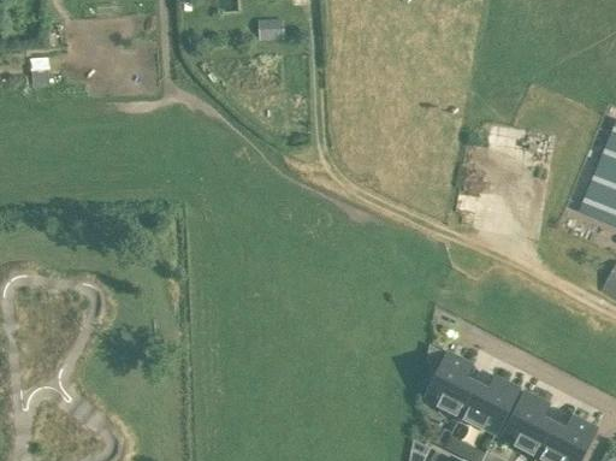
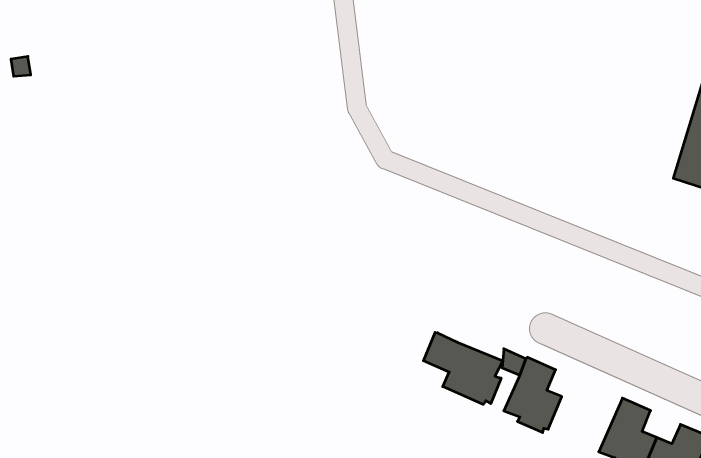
building: none -> [423,332,503,404]
building: [462,378,520,432] -> none

